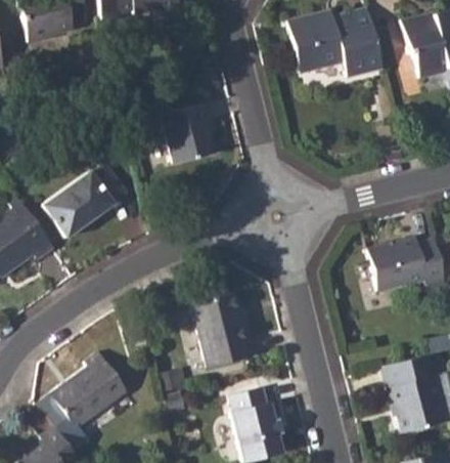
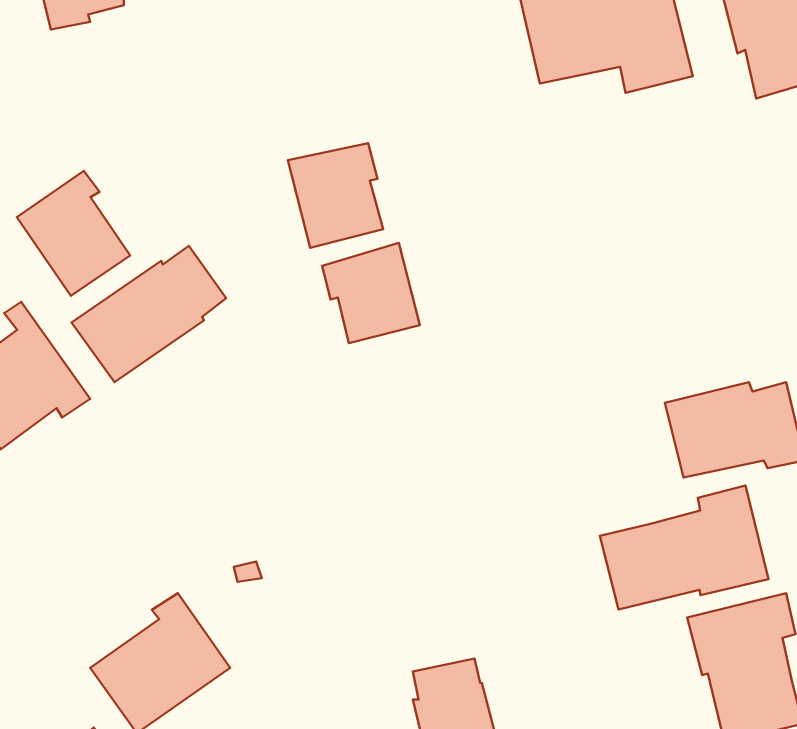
building: none -> [17,171,130,296]
building: none -> [322,243,420,343]
building: none -> [600,485,769,610]
building: [190,295,253,369] -> none

